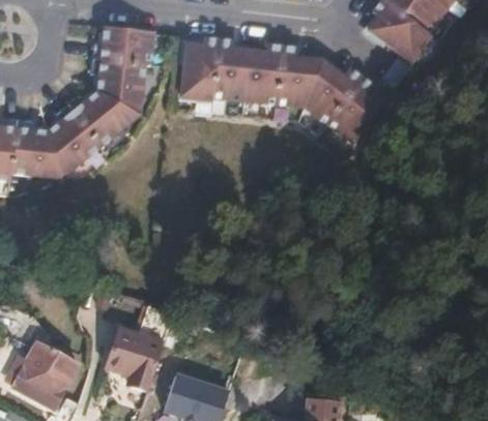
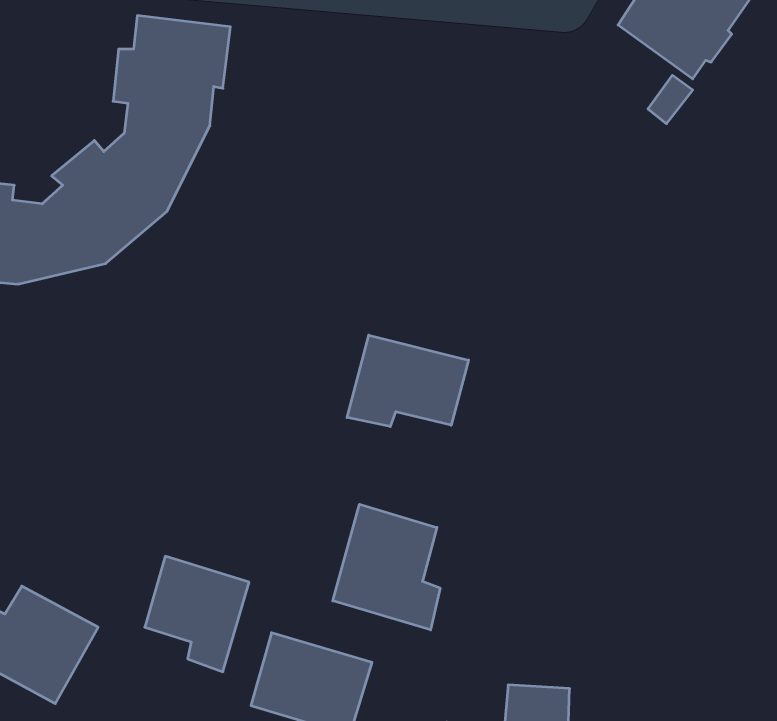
building: [179,38,385,145] -> none
building: none -> [347,335,469,427]
building: none -> [333,504,440,630]

